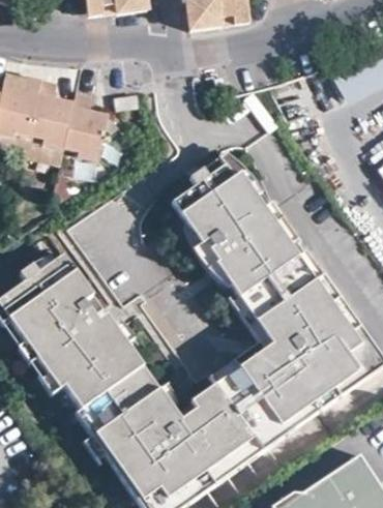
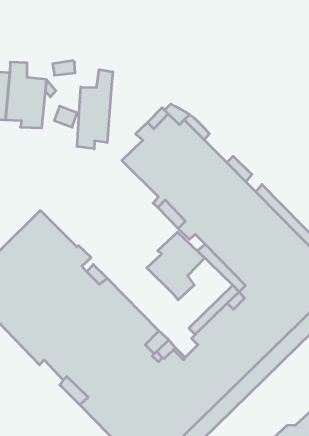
building: none -> [77,70,113,149]
building: none -> [147,232,205,300]

